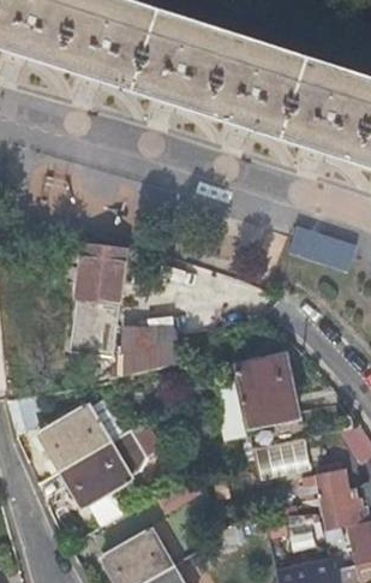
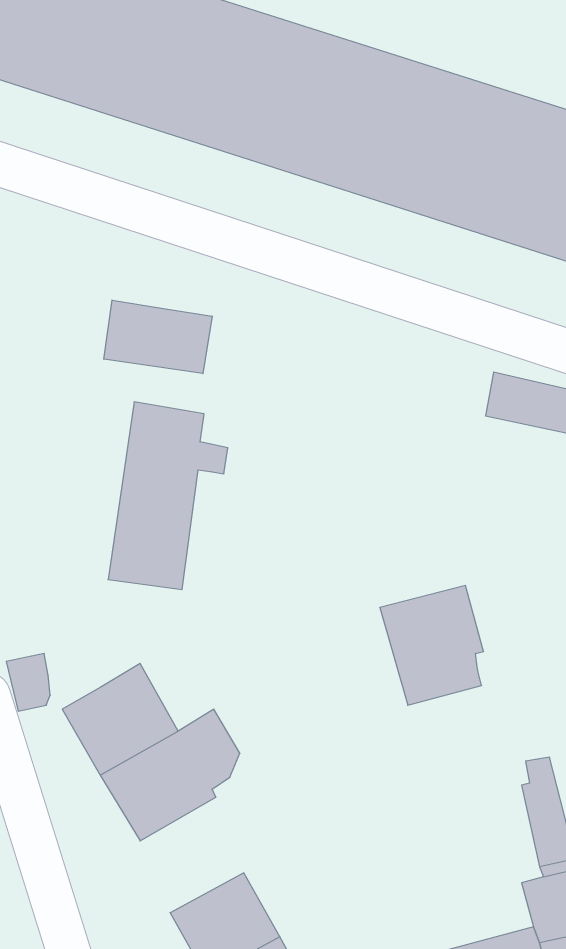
building: none -> [104,300,212,374]
building: [119,322,186,371] -> none
building: [258,439,312,477] -> none

